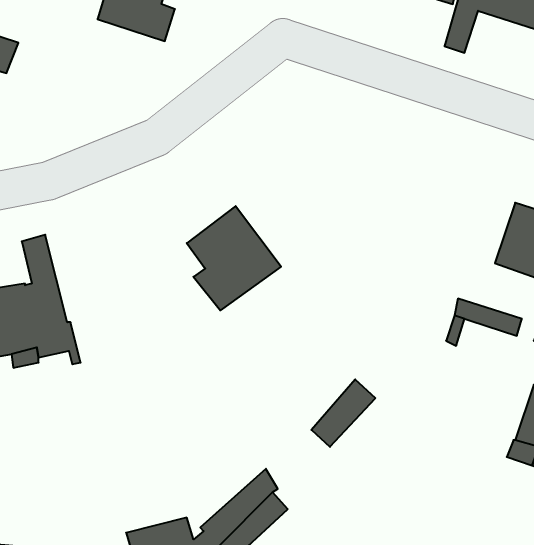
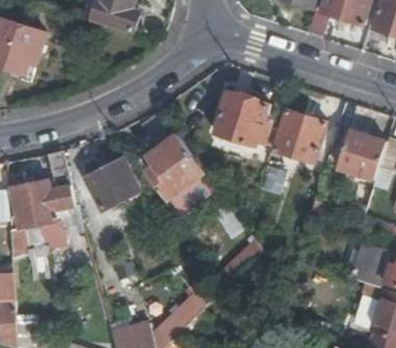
building: none -> [213,90,271,146]
building: none -> [265,110,326,164]
building: none -> [85,160,138,209]

